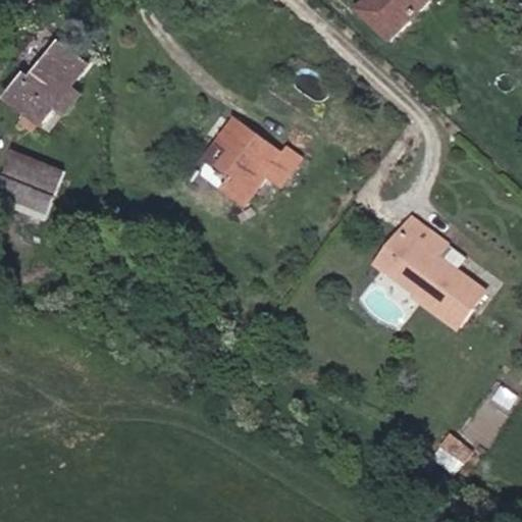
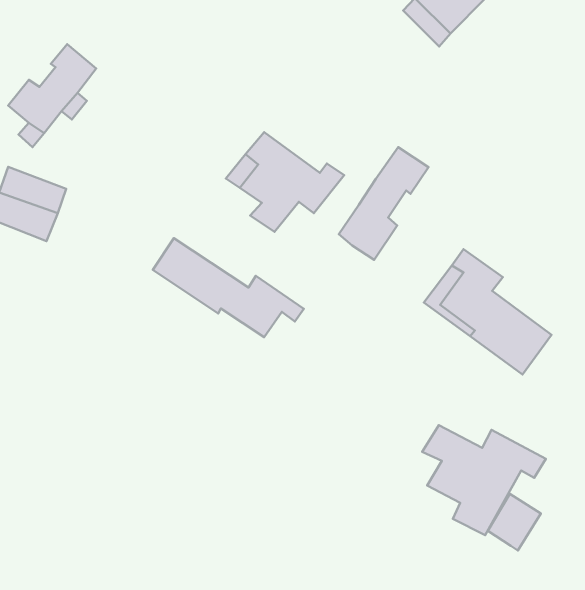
building: none -> [339,147,429,260]
building: none -> [153,238,304,337]
building: none -> [422,425,546,535]

